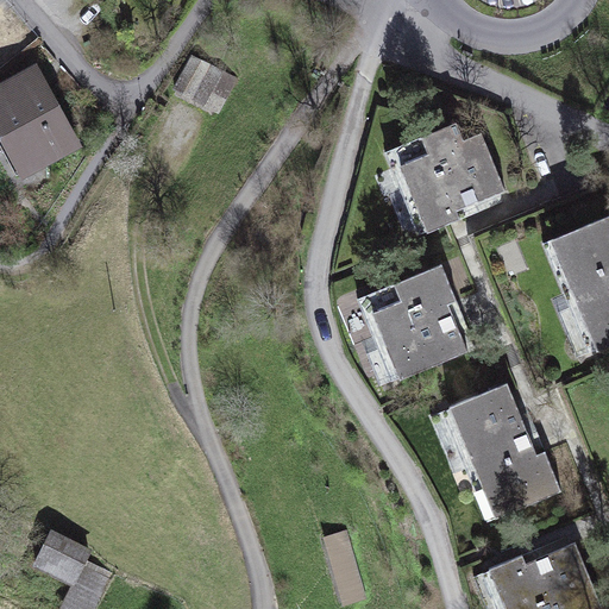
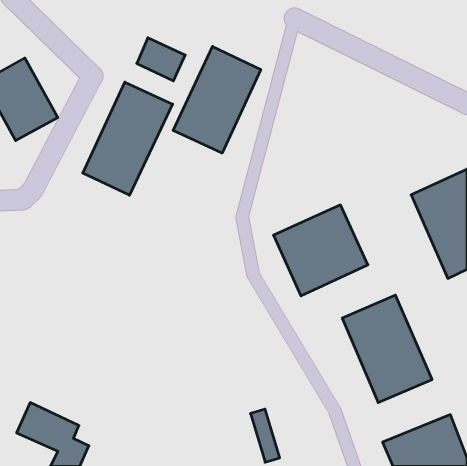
building: none -> [173,46,261,153]
building: none -> [83,82,173,195]
building: [378,111,523,237] -> none

